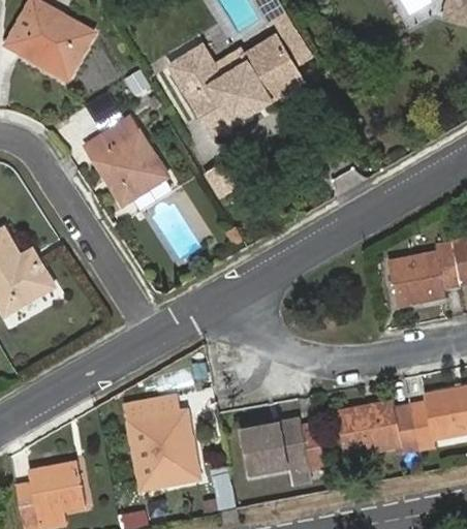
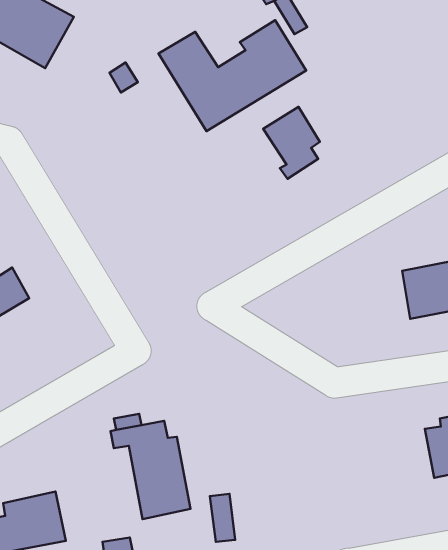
building: none -> [263,107,320,179]
building: [87,118,166,204] -> none
building: [336,401,418,455] -> none
building: [243,418,324,473] -> none

